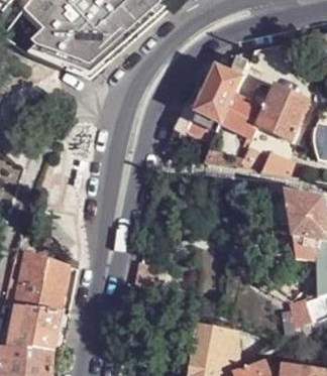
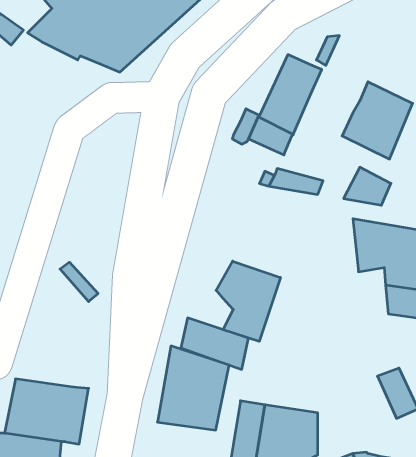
building: [219,93,264,138] -> none
building: none -> [216,261,280,341]
building: [13,248,67,310] -> [157,346,229,430]

